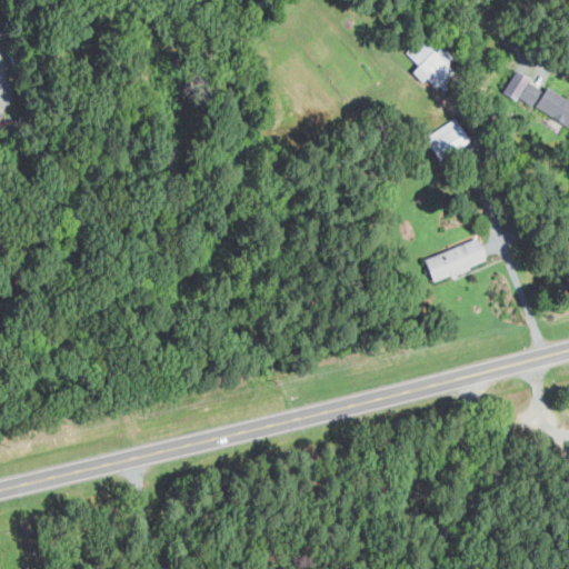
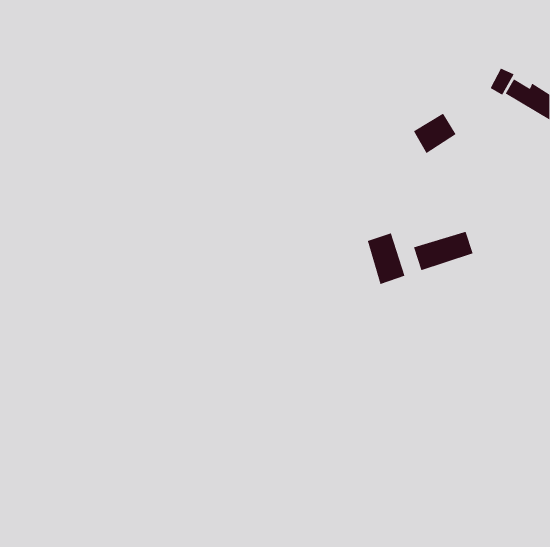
building: [406,39,459,93] -> none
building: none -> [367,233,405,285]

